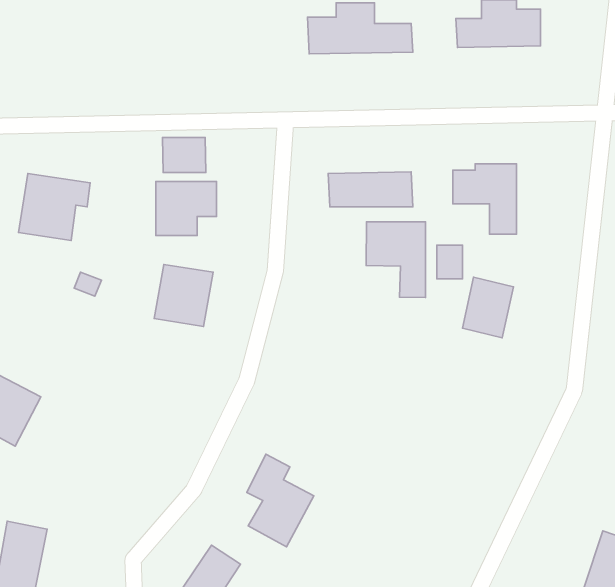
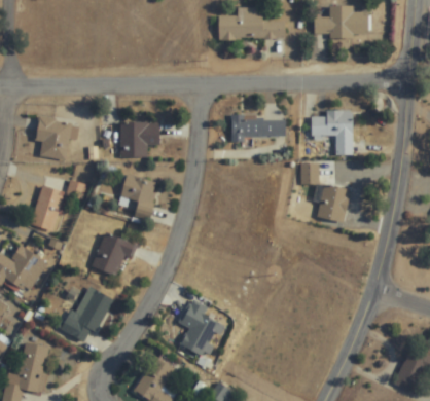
building: [163,138,206,173] -> none
building: [366,222,426,297] -> none
building: none -> [31,186,65,231]
building: none -> [92,232,137,277]
building: none -> [64,286,112,341]

